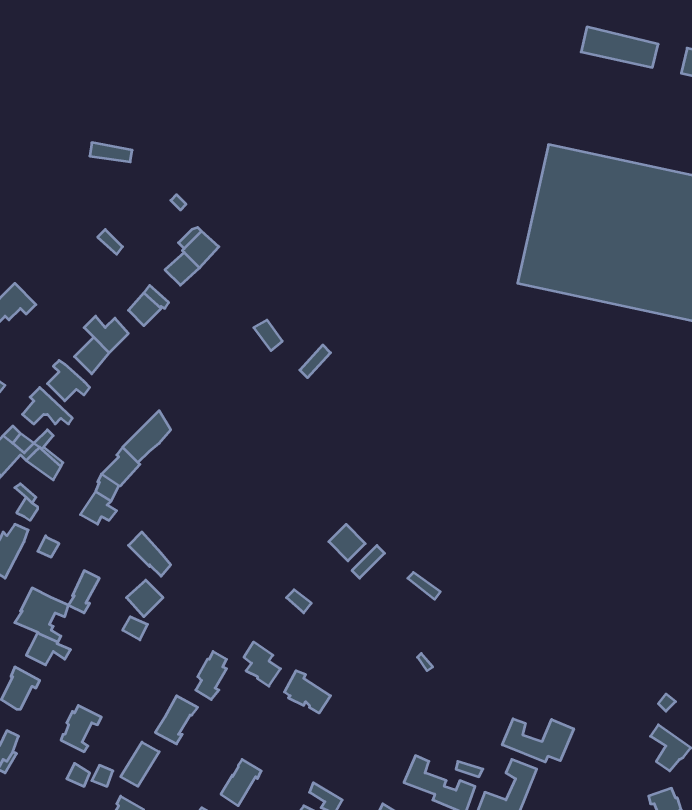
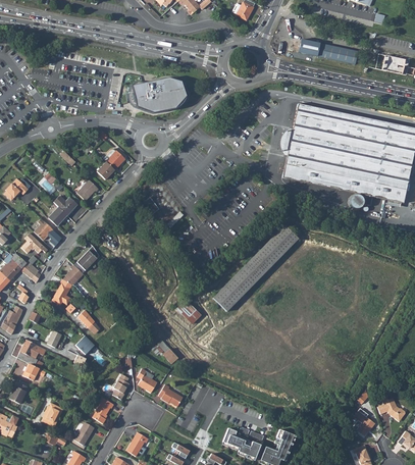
building: none -> [132,76,185,111]
building: none -> [214,225,299,312]
building: [502,719,574,762] -> none

